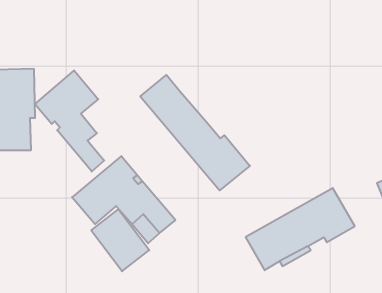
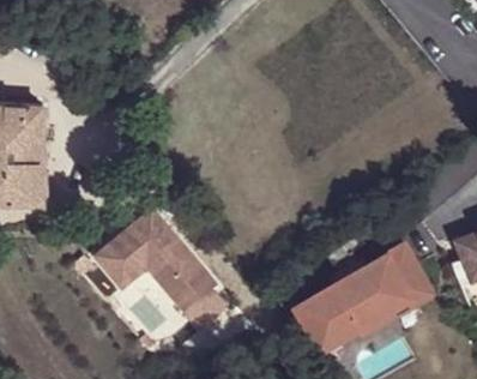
building: [35,70,104,172] -> none
building: [140,75,250,190] -> none

